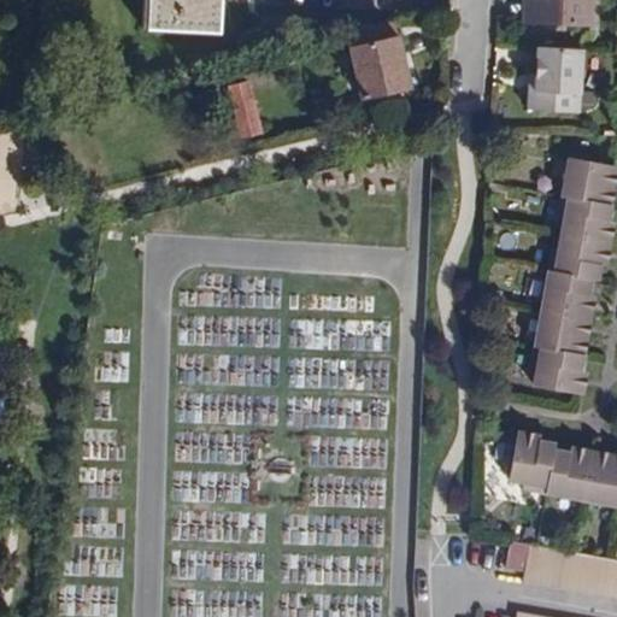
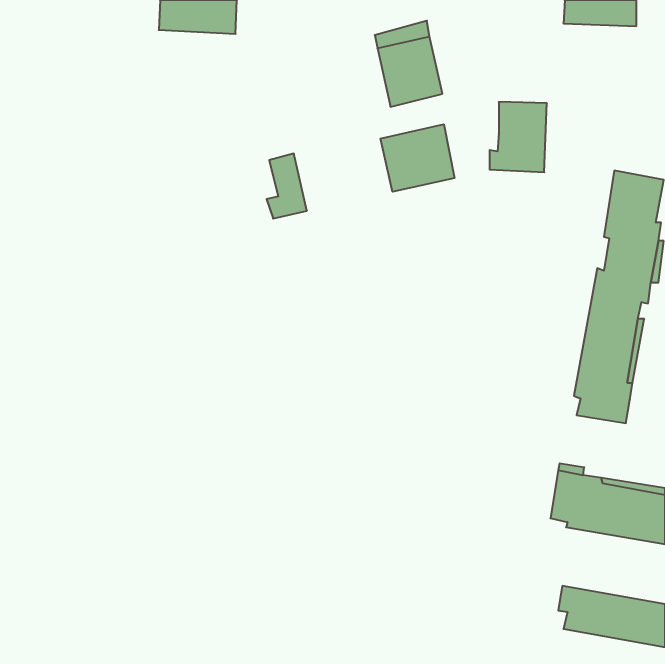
building: [529,47,582,112] -> [490,102,547,172]
building: [224,80,262,140] -> [267,154,307,219]
building: none -> [381,124,454,192]

